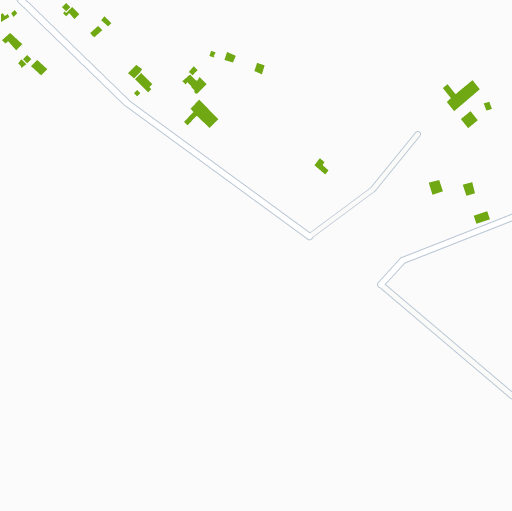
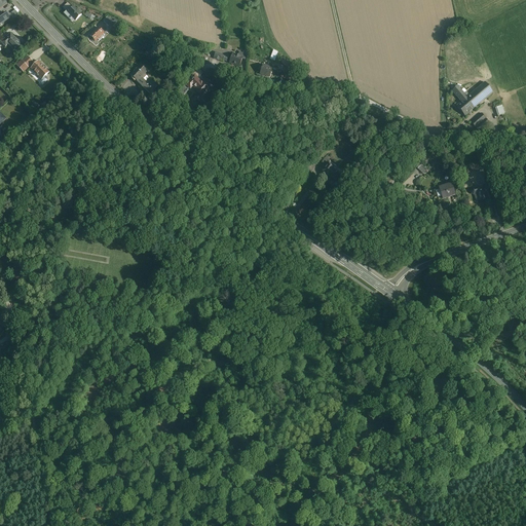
building: [183,99,219,129] -> none

